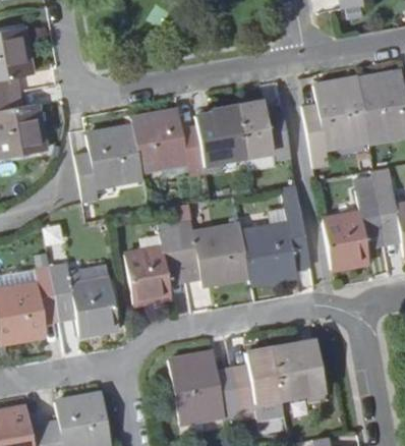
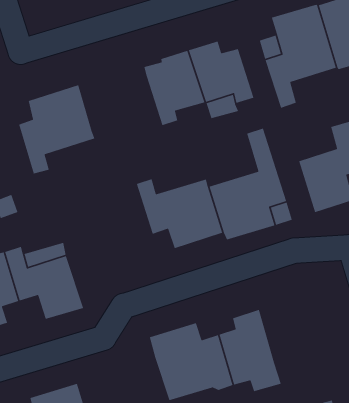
building: [133,111,205,176] -> none
building: [124,222,184,304] -> none
building: [273,341,326,402] -> none

